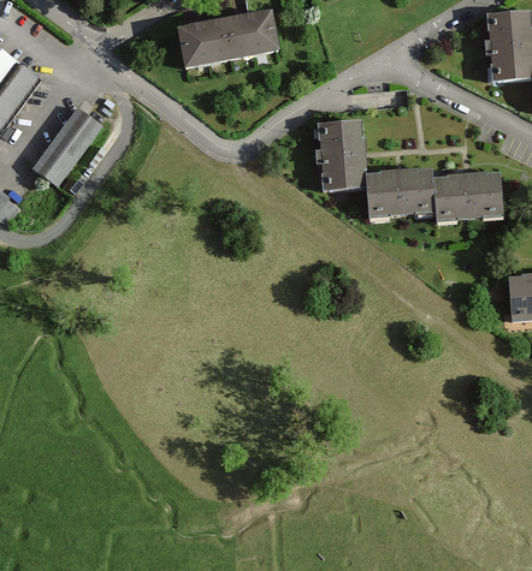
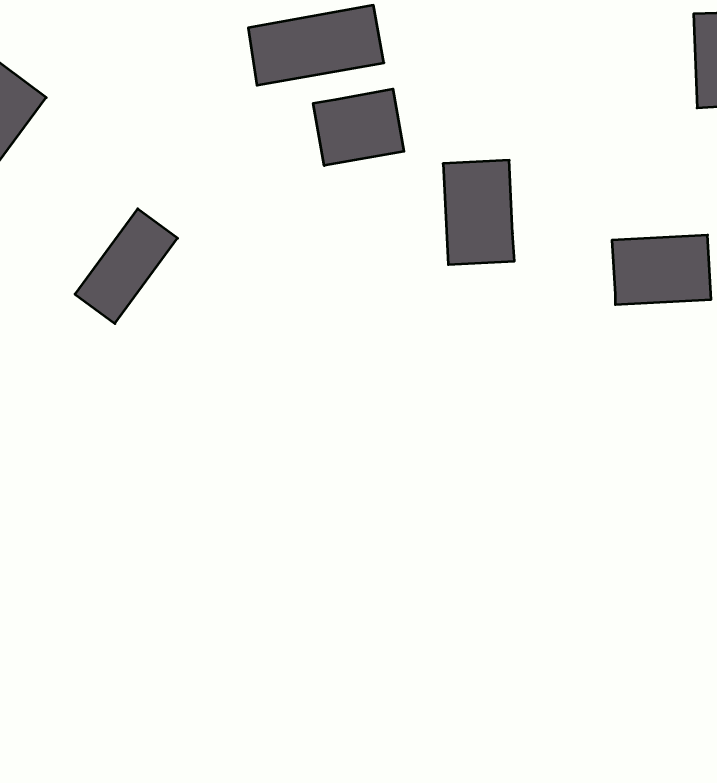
building: none -> [313,89,404,166]
building: [32,103,104,183] -> [75,209,178,324]
building: [365,167,436,215] -> none

